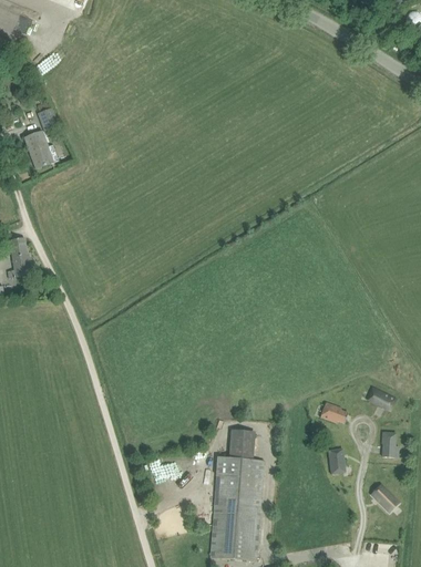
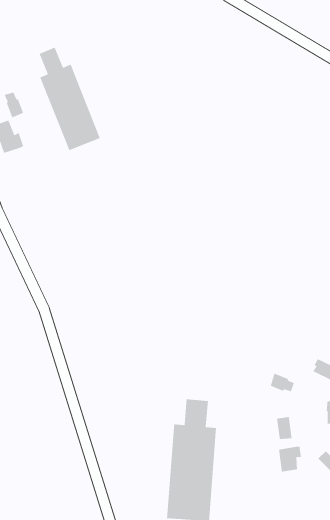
building: none -> [39,47,101,151]
building: none -> [278,446,302,472]

